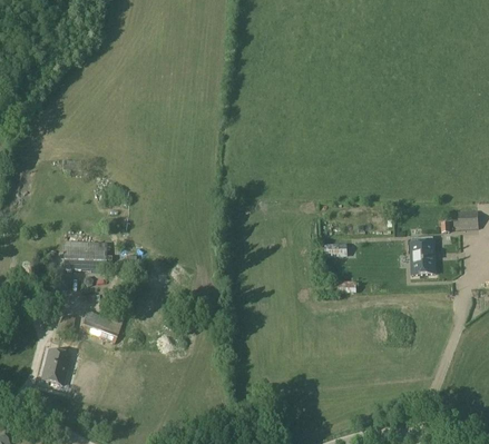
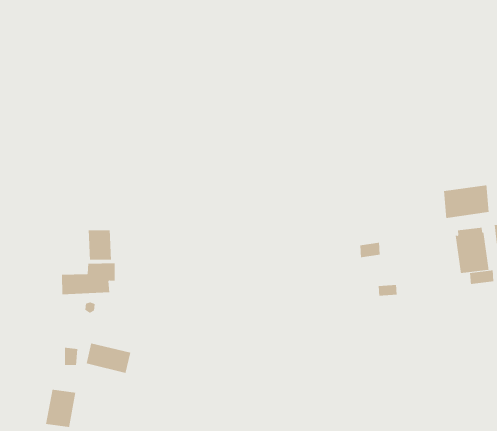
building: none -> [443,184,489,219]
building: none -> [88,229,111,260]

